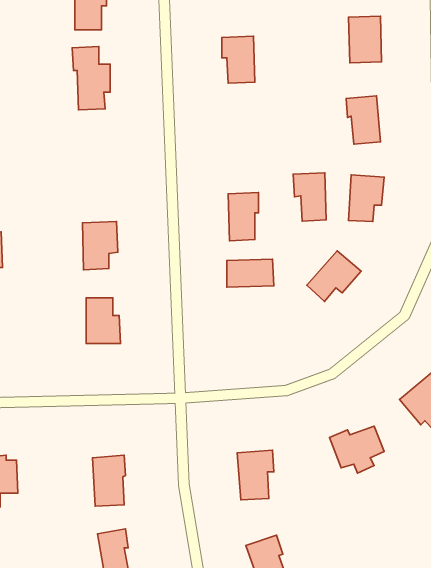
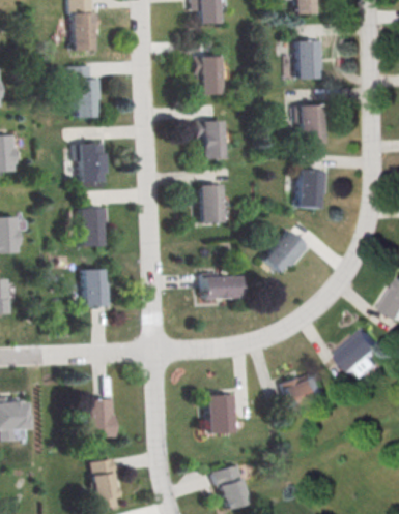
building: none -> [79,142,106,181]
building: [293,173,326,221] -> [196,120,223,159]
building: [227,259,274,287] -> [203,275,241,298]

